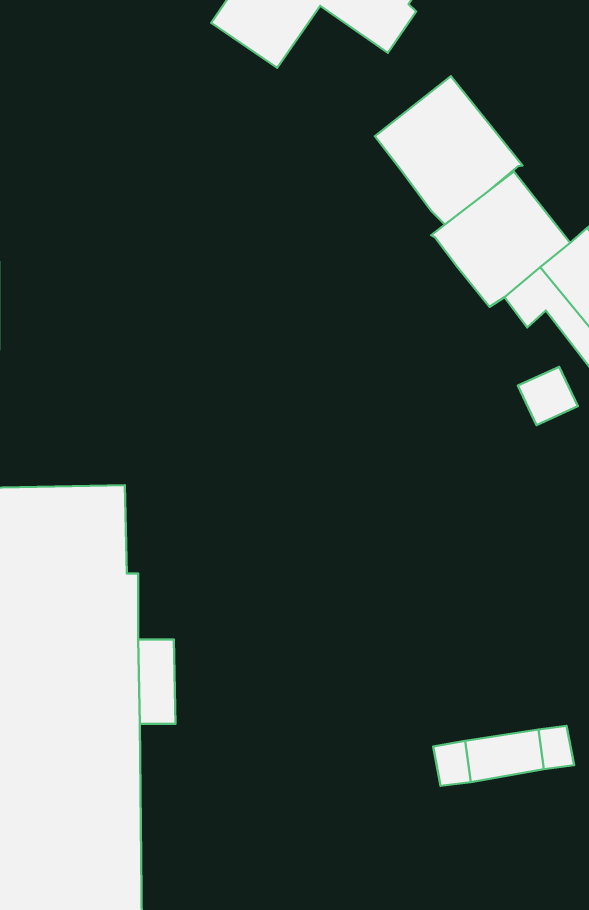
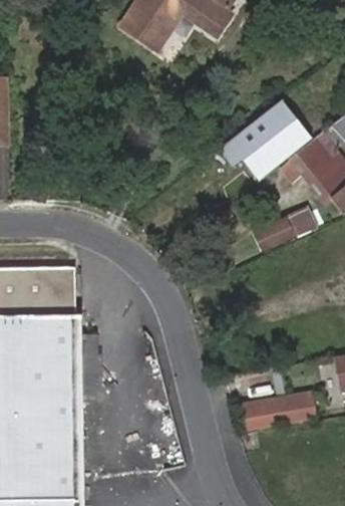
building: [375,76,522,225] -> none
building: none -> [250,215,294,252]

